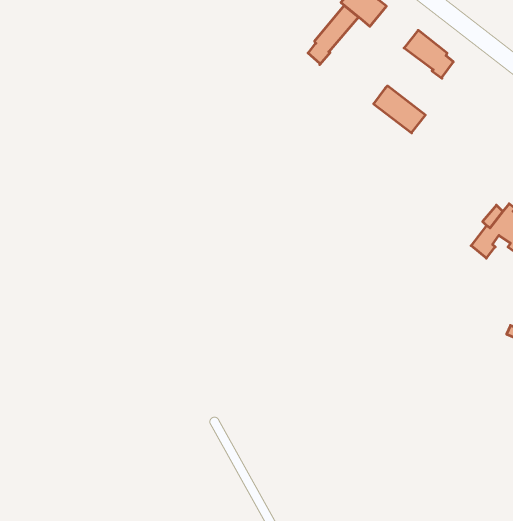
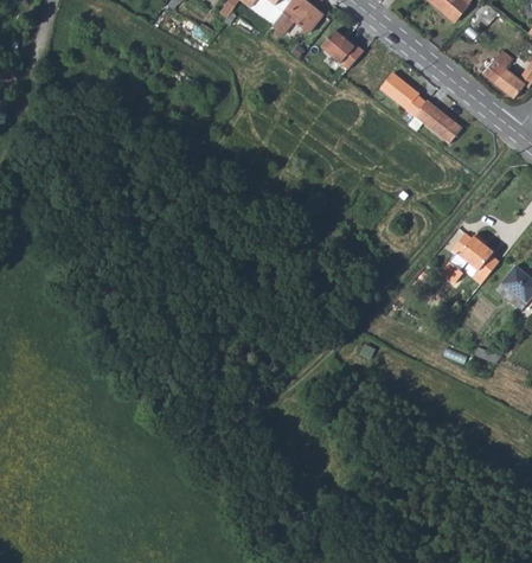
building: [308,5,358,65] -> none
building: [374,86,425,133] -> [415,100,463,143]

